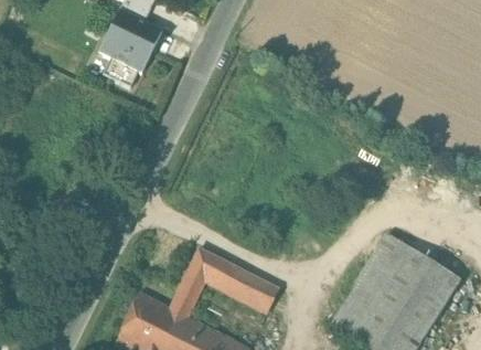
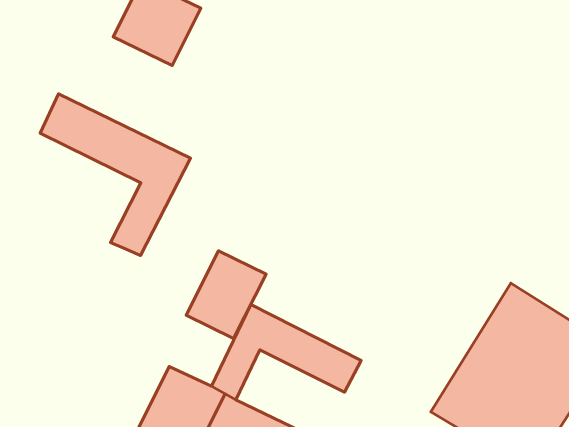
building: none -> [40,94,190,256]
building: none -> [186,251,266,339]

